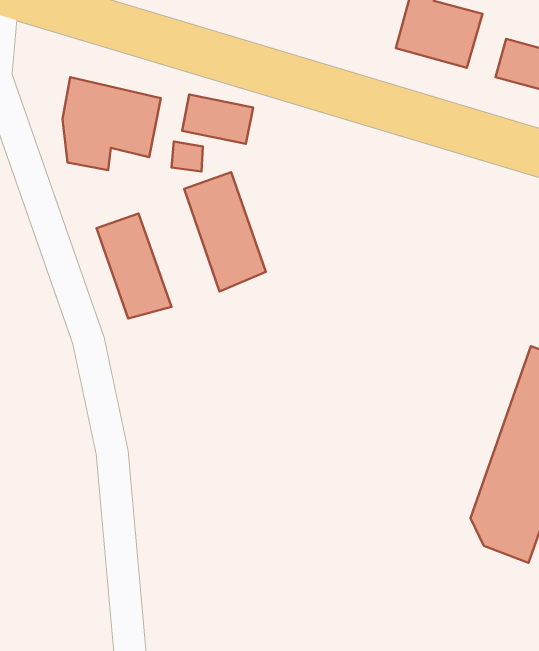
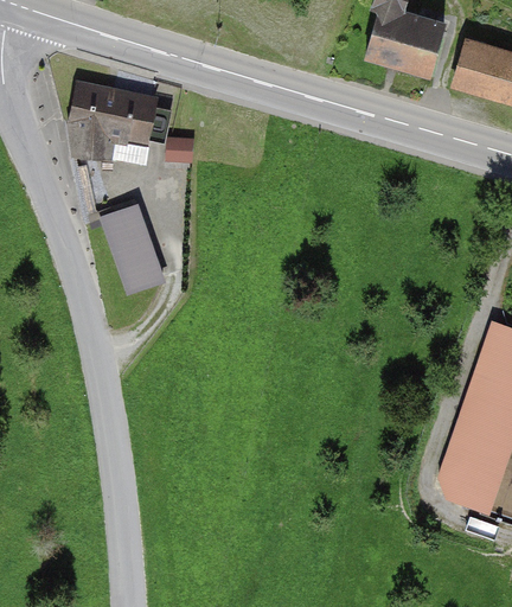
building: [182,95,253,144] -> none
building: [184,172,266,292] -> none

